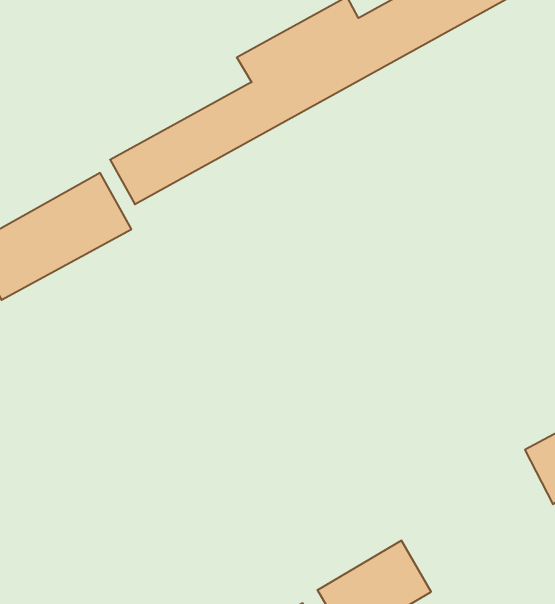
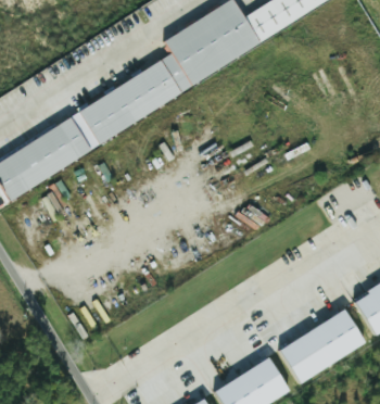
building: none -> [281,310,367,382]

